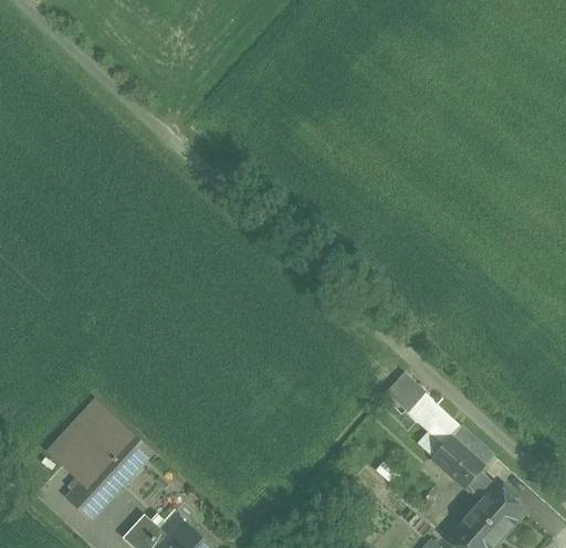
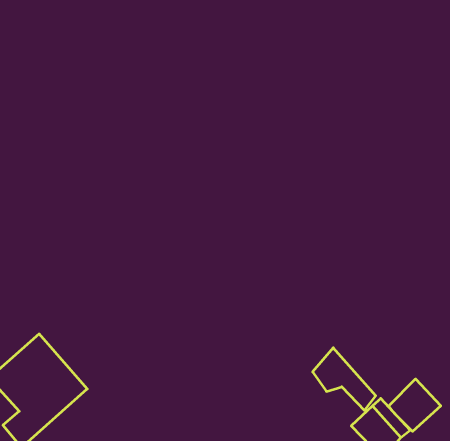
building: none -> [389,379,441,431]

